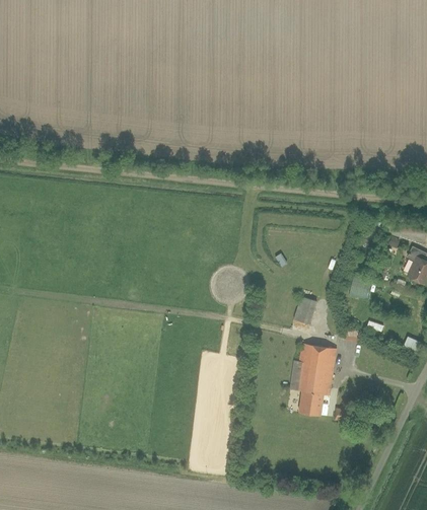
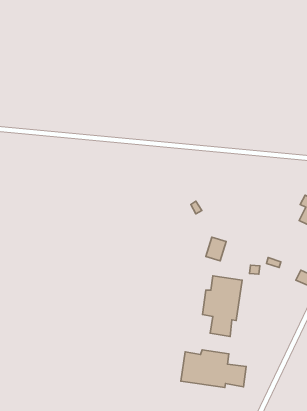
building: none -> [181,350,246,388]

